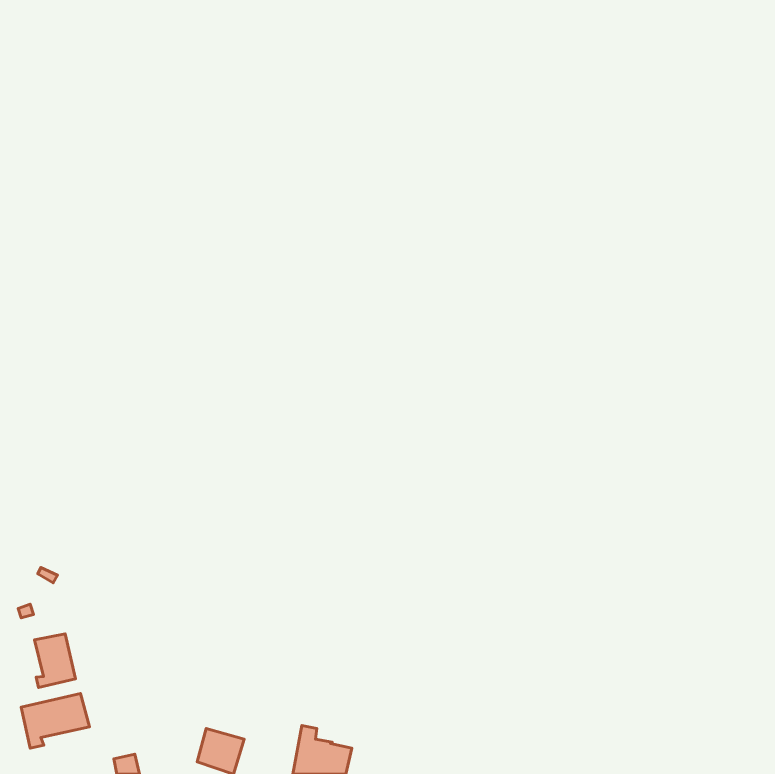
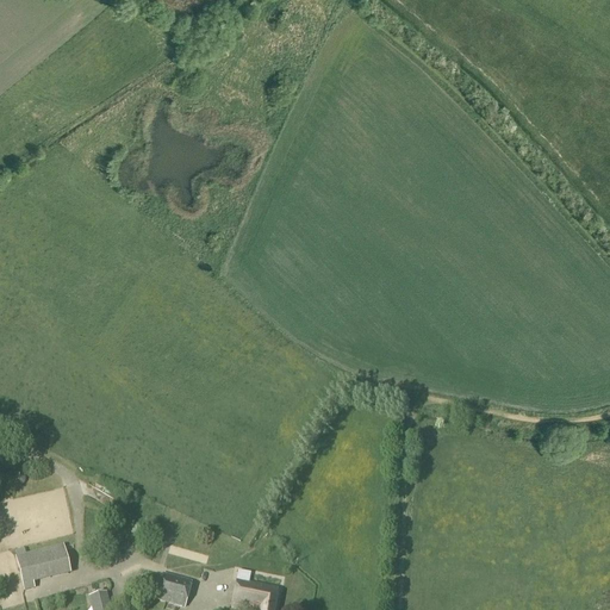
building: [34,634,75,688] -> none

